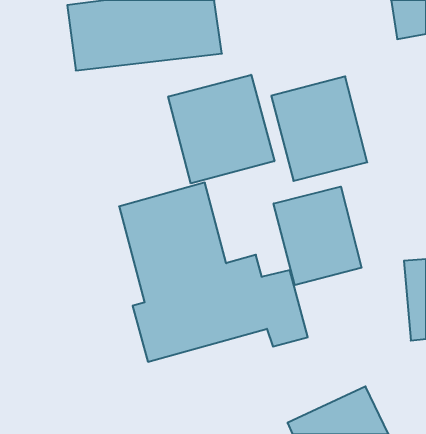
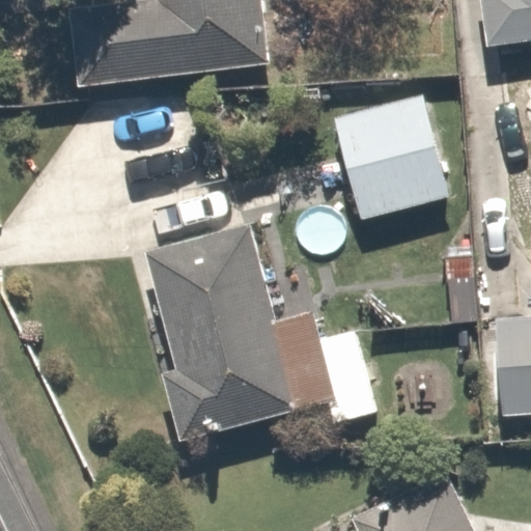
building: [168,75,274,183] -> none
building: [274,187,362,285] -> none

